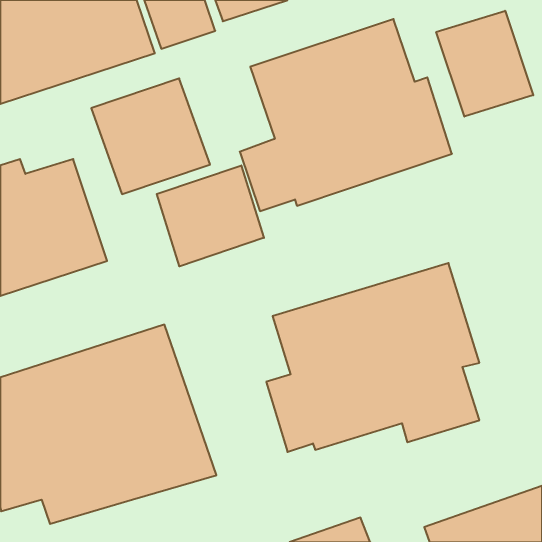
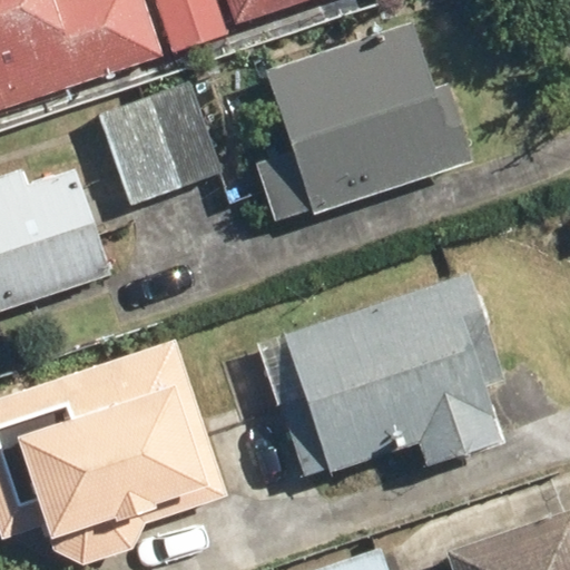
building: [436,11,533,117] -> none
building: [157,165,264,266] -> none

